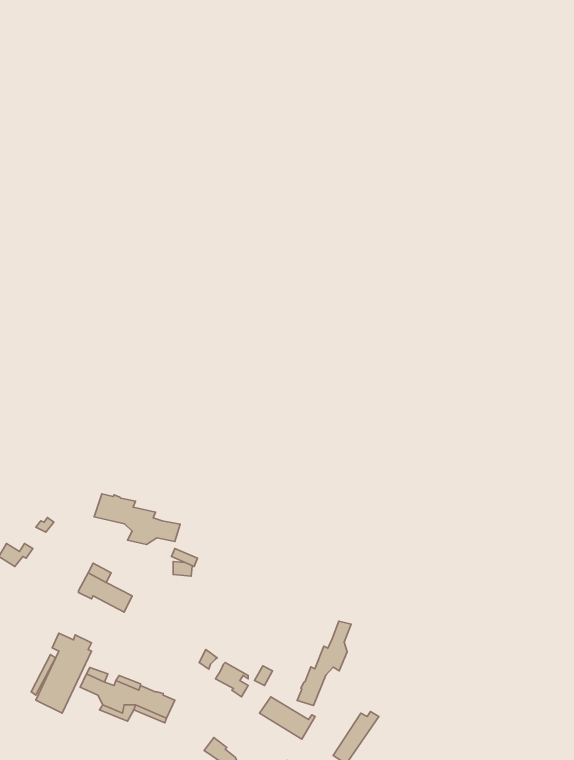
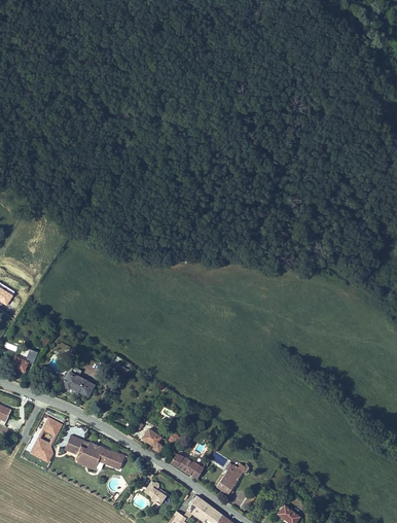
building: [94,494,180,545] -> none
building: [297,621,351,706] -> none

